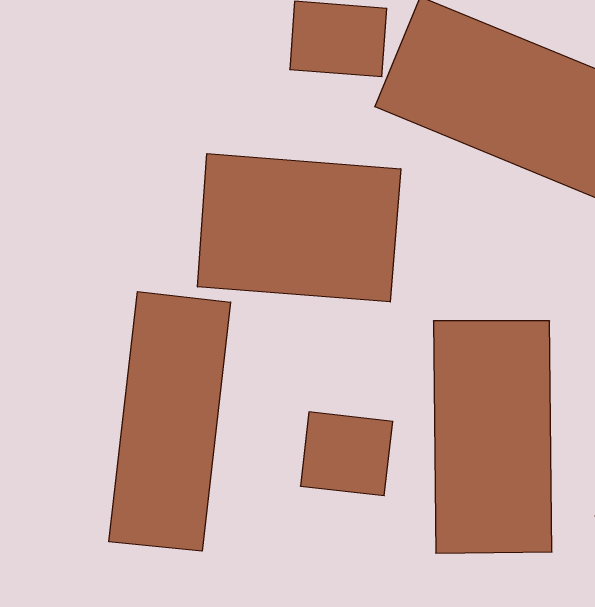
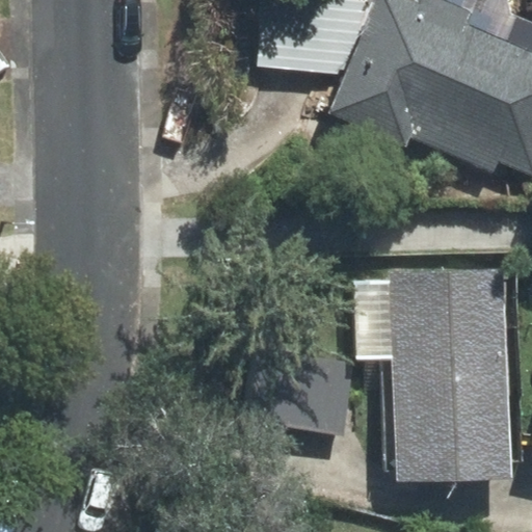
building: [198,154,401,302] -> none
building: [109,292,231,551] -> none

